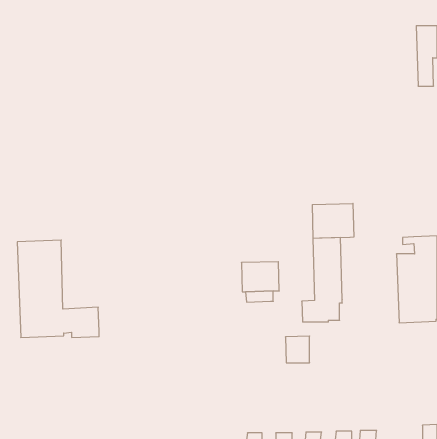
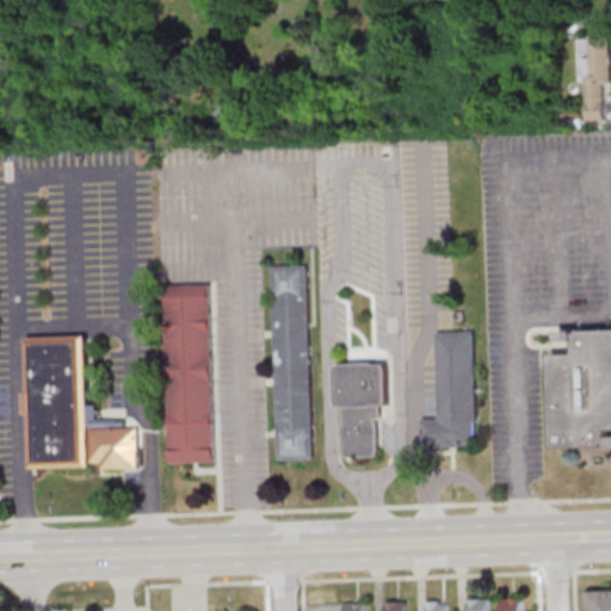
building: none -> [270,265,311,459]
building: [312,203,354,238] -> none
building: none -> [162,284,212,463]
building: [285,336,310,363] -> [341,419,375,456]

